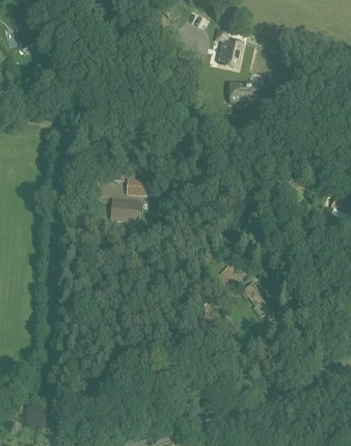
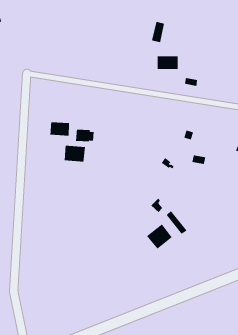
building: none -> [50,121,70,136]
building: none -> [146,223,173,250]

